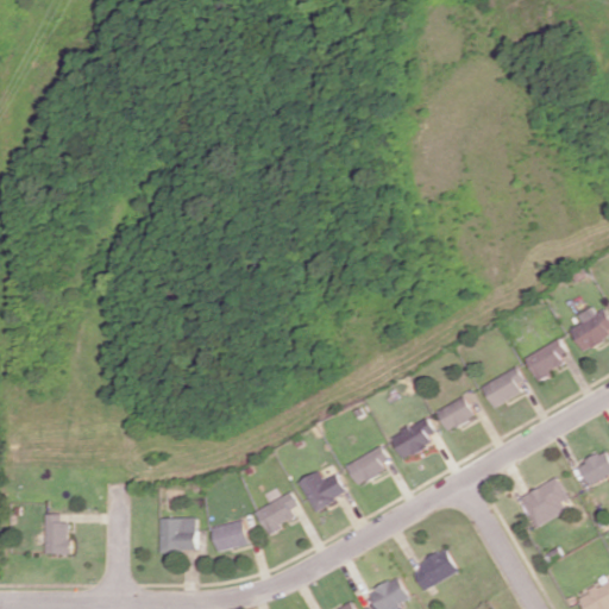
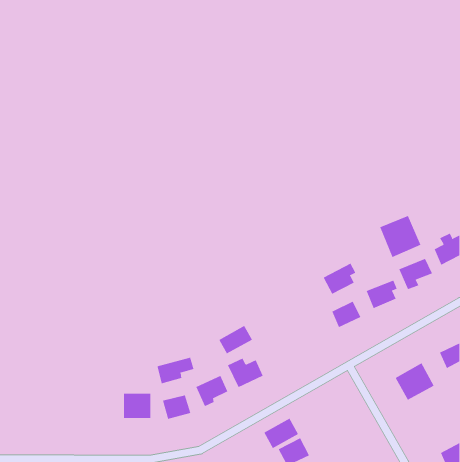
building: none -> [379,215,421,258]
building: [389,417,433,459] -> [323,263,356,295]
building: [346,446,391,484] -> [218,325,253,354]
building: none -> [157,357,194,384]
building: [43,514,71,554] -> none
building: [409,550,456,590] -> [263,418,299,449]

